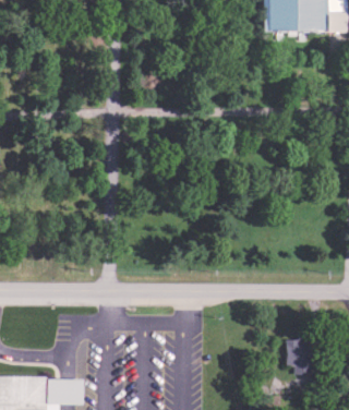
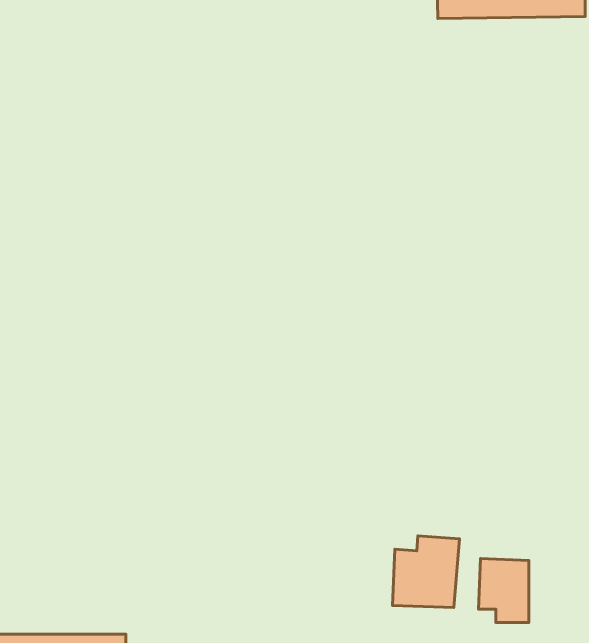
building: none -> [393,536,460,608]

